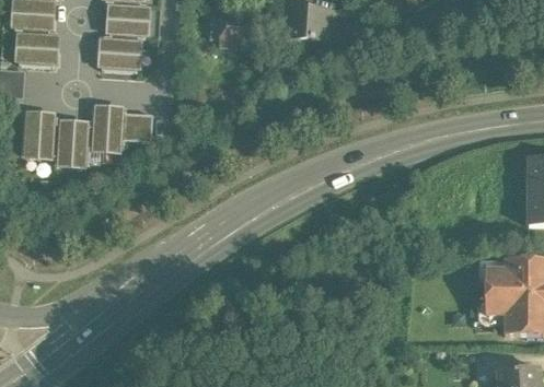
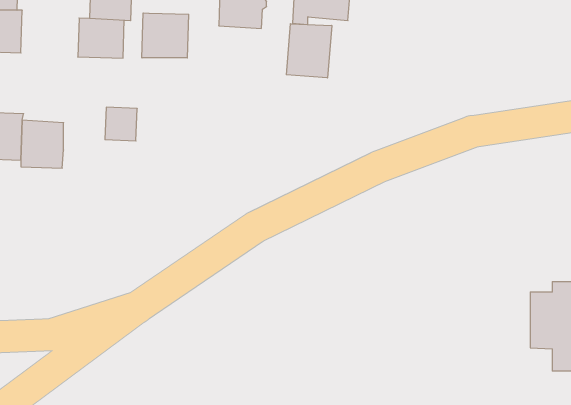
building: none -> [142,13,189,58]
building: none -> [286,24,332,78]
building: [90,109,126,151] -> none

